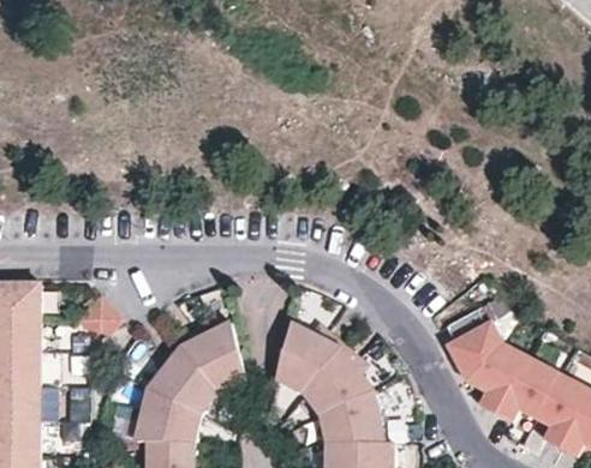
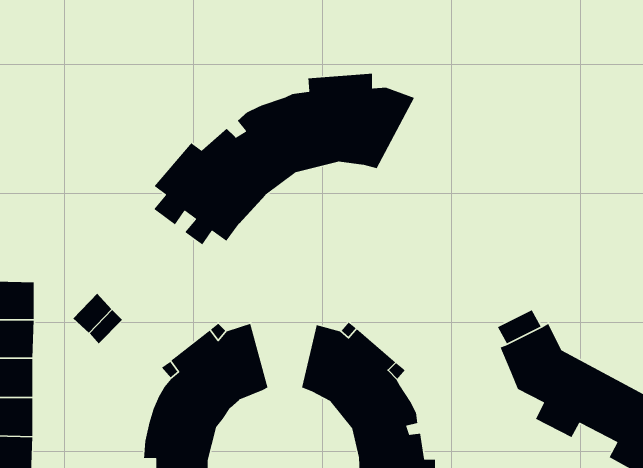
building: none -> [153,73,415,245]

